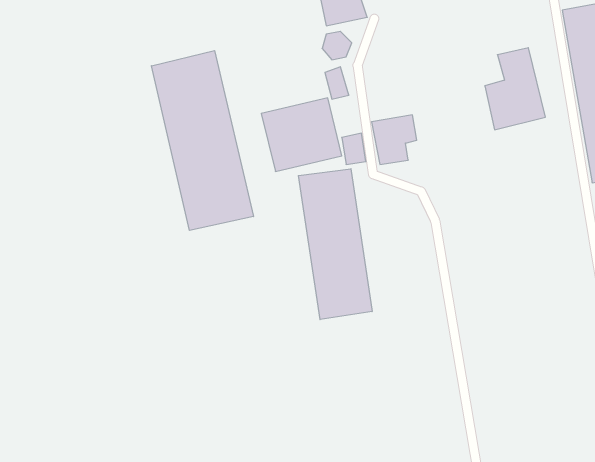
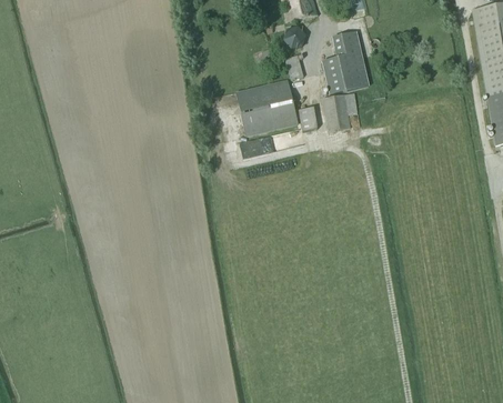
building: [485,48,545,130] -> [322,30,370,94]
building: [151,51,253,230] -> none
building: [298,169,372,320] -> none

